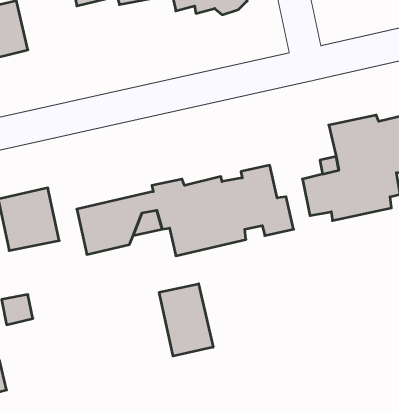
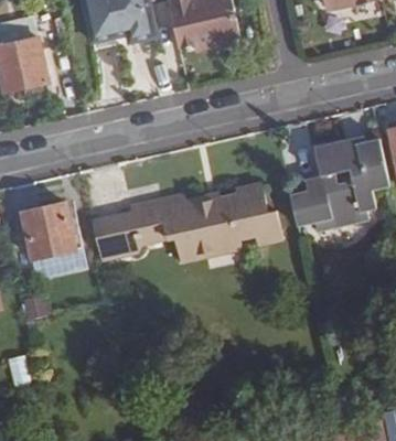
building: [159,284,213,356] -> none

